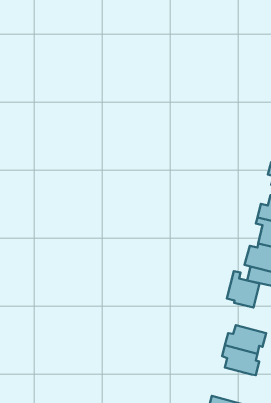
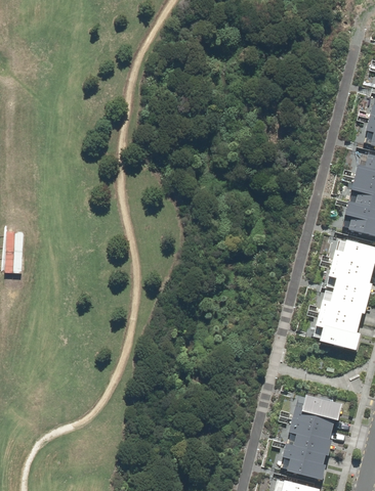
building: [227,271,259,307] -> none
building: none -> [284,442,328,479]

